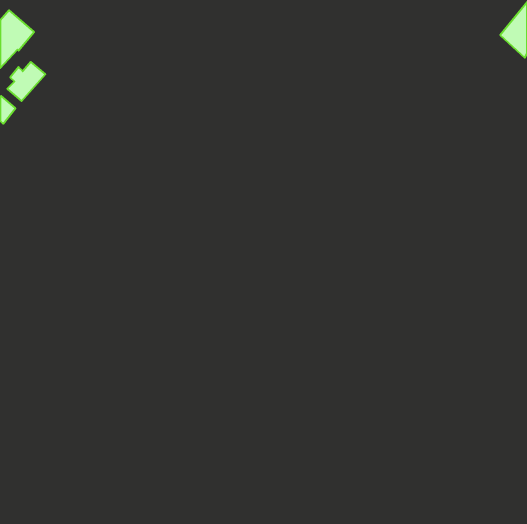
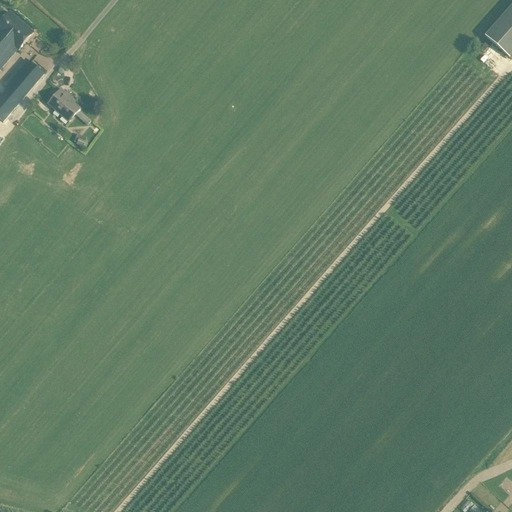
building: none -> [47,86,80,120]

